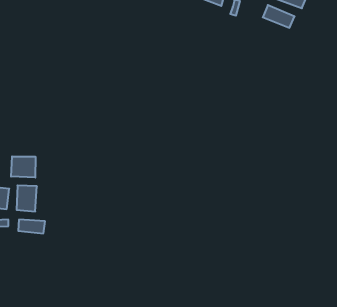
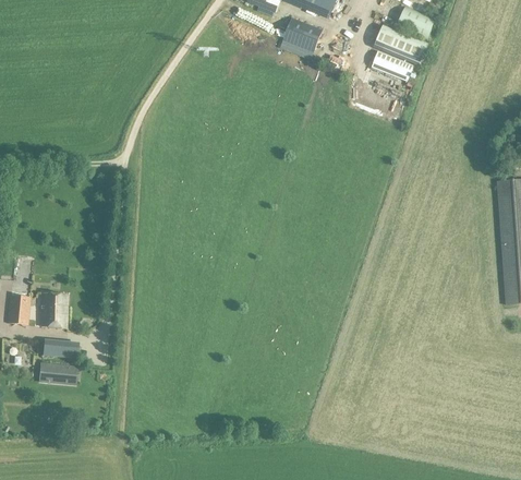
building: [11,156,35,178] -> none
building: none -> [39,362,76,384]

